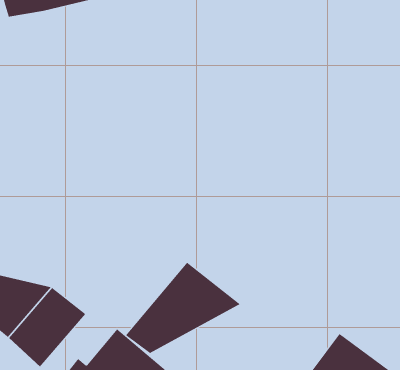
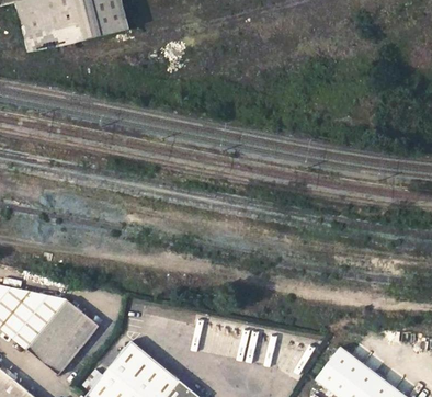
building: [125,262,241,354] -> none

